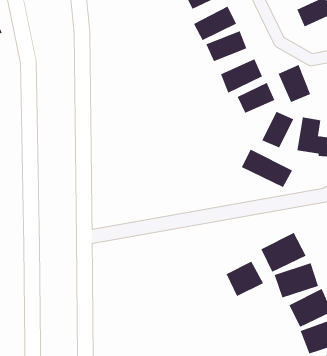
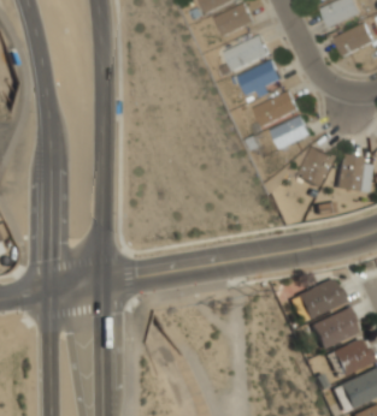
building: [278,64,311,103] -> none
building: [241,149,293,188] -> none
building: [226,261,264,297] -> none

